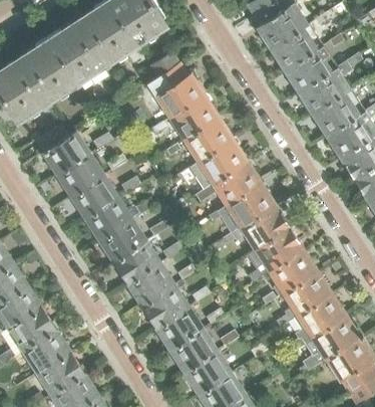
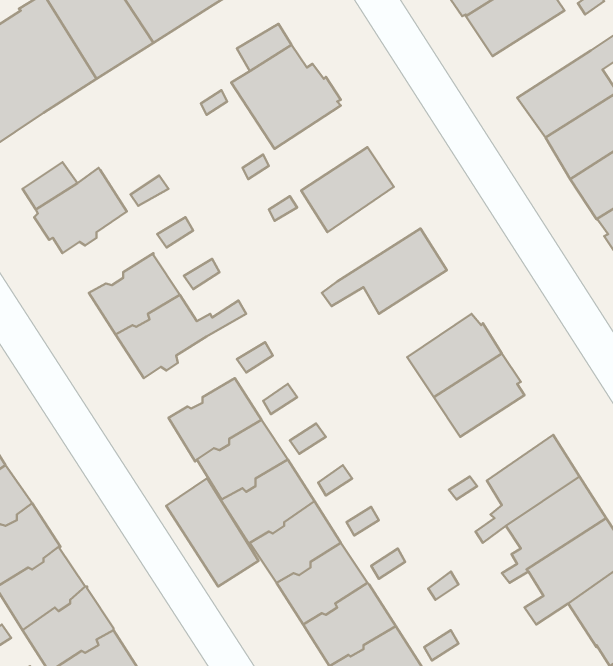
building: [286,47,338,93] -> none
building: [170,97,220,143] -> none
building: [190,141,248,191] -> none
building: [58,154,106,197] -> none
building: [210,185,276,231] -> none
building: [101,220,149,263] -> none
building: [269,250,318,298] -> none
building: none -> [166,478,258,586]

